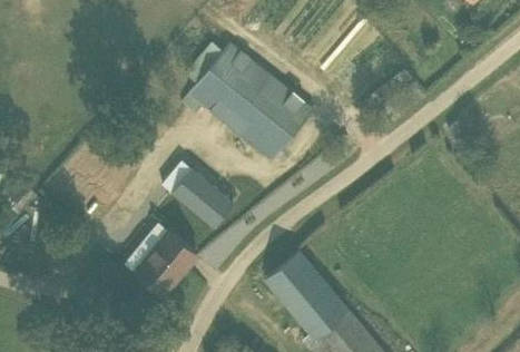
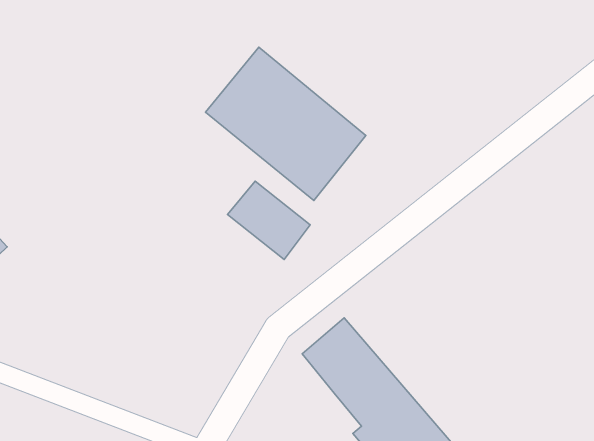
building: [170,168,234,228] -> [228,181,310,259]
building: [134,231,196,295] -> none

